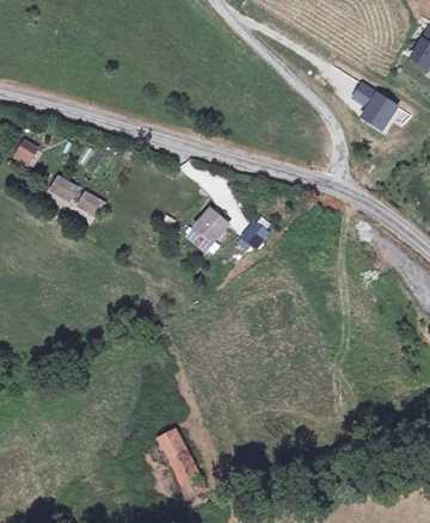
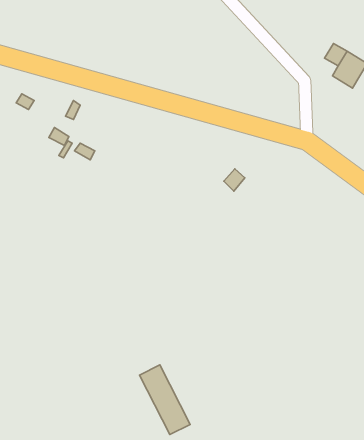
building: [191,205,228,245] -> none

